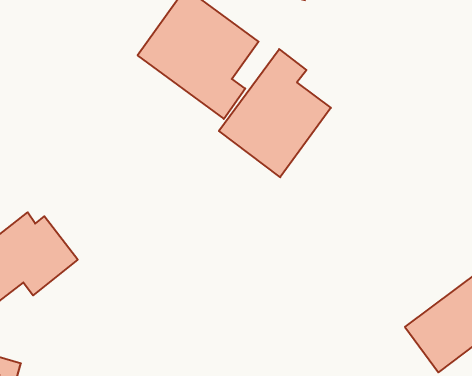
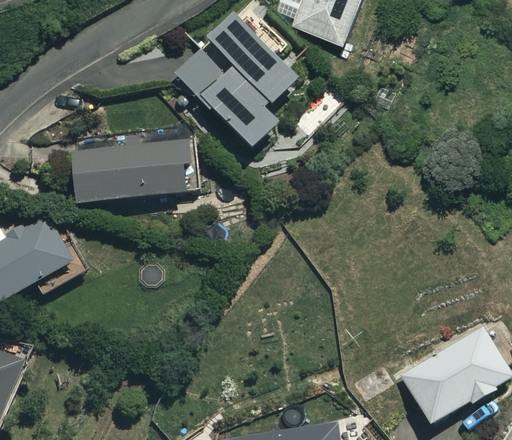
building: [219,49,331,177] -> none
building: none -> [71,139,190,202]

